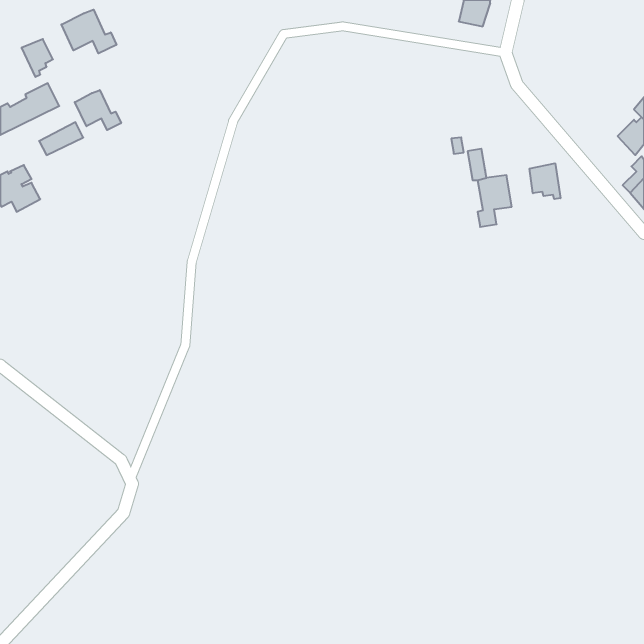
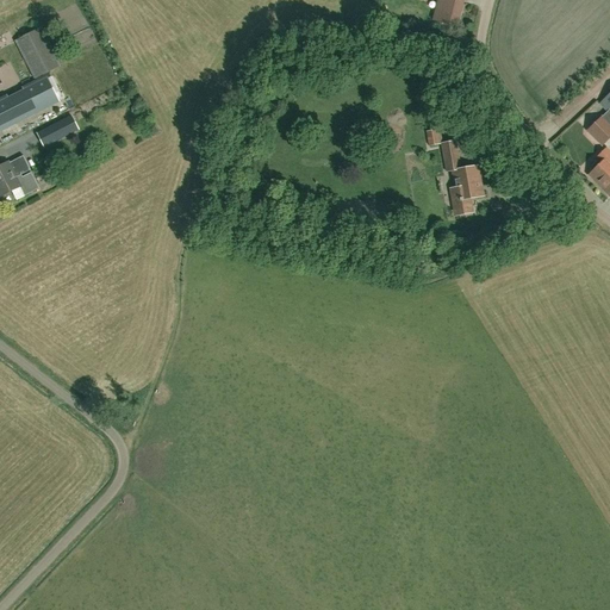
building: [61,10,116,53] -> none
building: [75,90,121,130] -> none
building: [530,163,560,199] -> none

